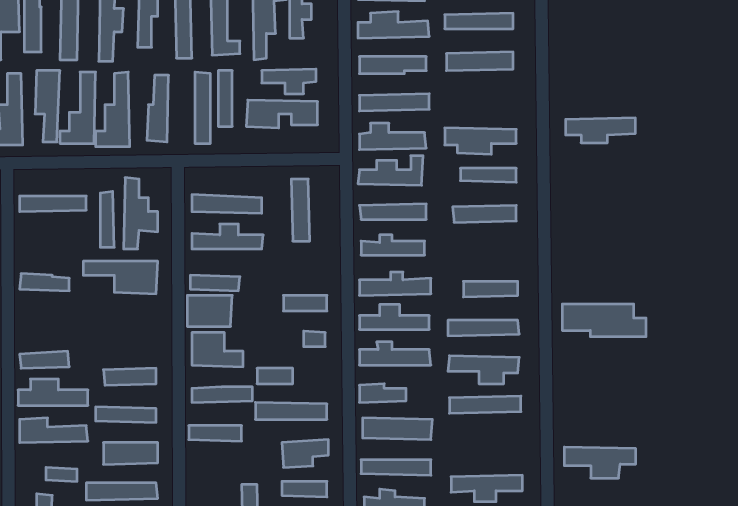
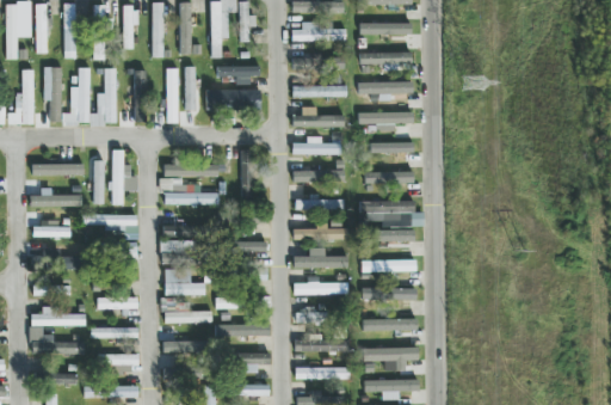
building: [566,118,635,143] -> [359,81,413,100]
building: none -> [30,188,82,207]
building: [562,304,646,337] -> [360,201,425,226]
building: [564,447,636,478] -> [363,346,418,370]

